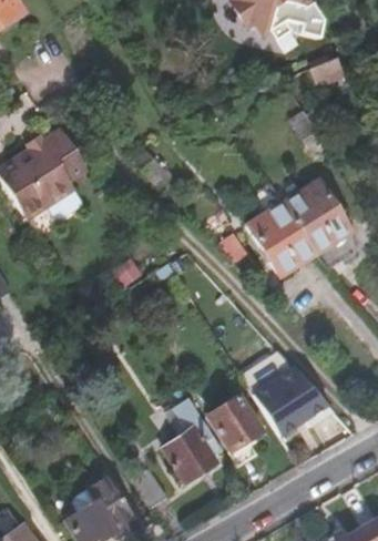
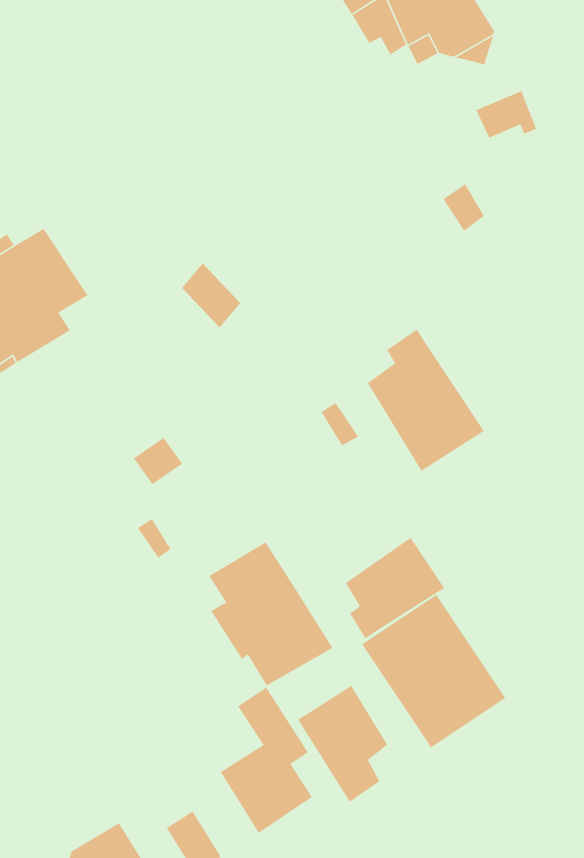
building: [282,180,348,252] -> none
building: none -> [345,537,445,640]
building: none -> [208,542,333,687]

